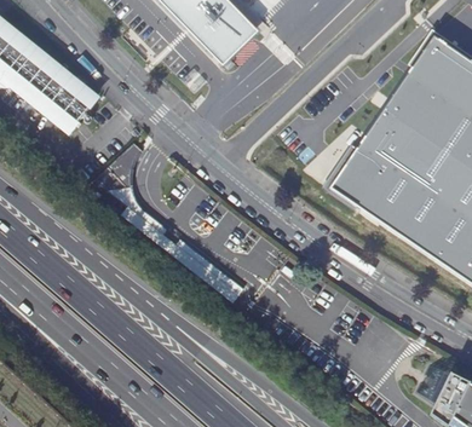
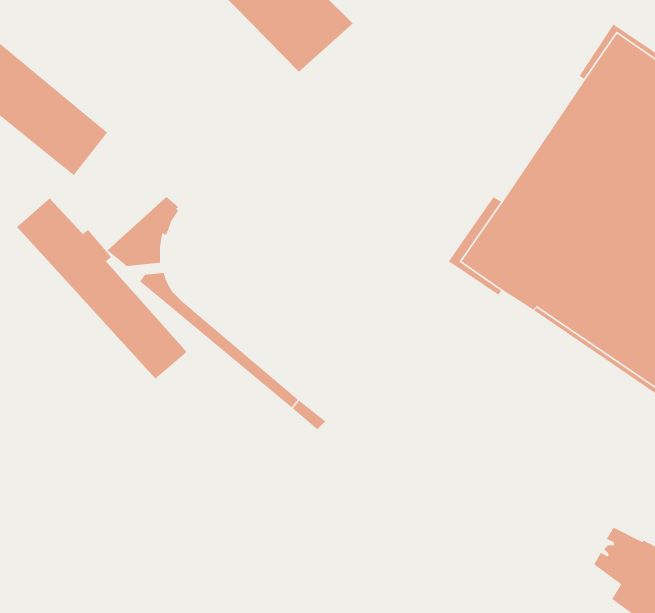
building: none -> [16,198,187,380]

